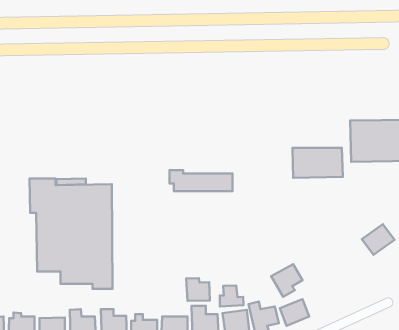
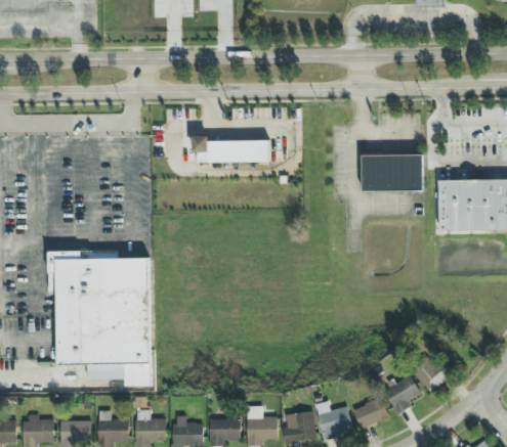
building: [292,148,343,178] -> [362,154,423,191]
building: [170,170,233,191] -> [193,136,269,162]
building: [362,224,394,255] -> [414,354,454,392]
building: [271,264,302,297] -> [383,374,421,414]
building: [186,278,210,301] -> none
building: [220,285,243,307] -> none

